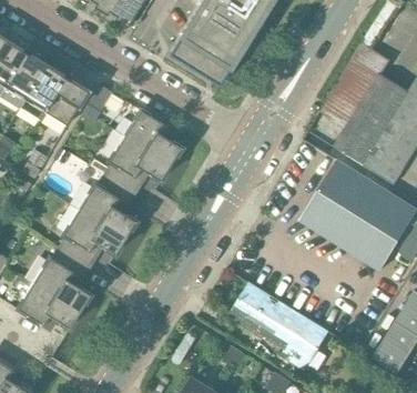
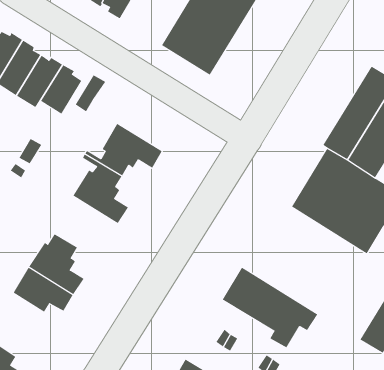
building: [123,110,181,164] -> none
building: [59,210,124,263] -> none

